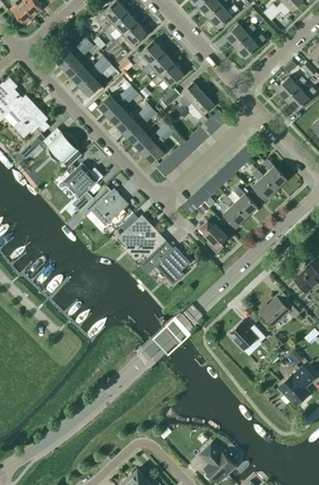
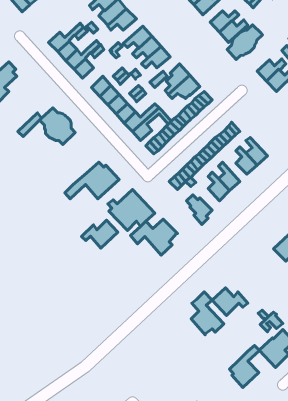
building: none -> [227,25,263,59]
building: [5,95,49,140] -> none
building: [63,165,103,211] -> none
building: none -> [81,220,118,248]
building: [259,297,298,327] -> none
building: none -> [191,292,224,335]
building: none -> [229,346,259,388]

